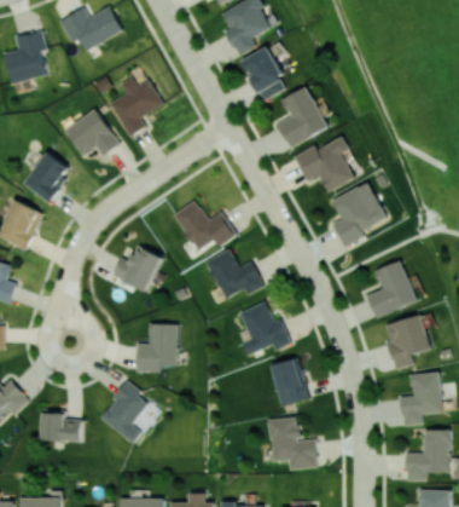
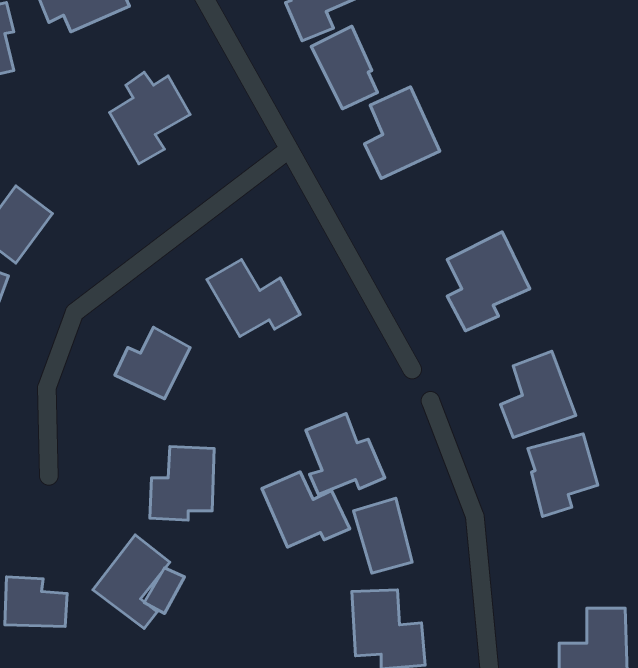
building: [65,109,118,156] -> none
building: [292,136,354,192] -> none
building: [205,249,263,299] -> [262,472,350,547]
building: [400,371,441,426] -> none

